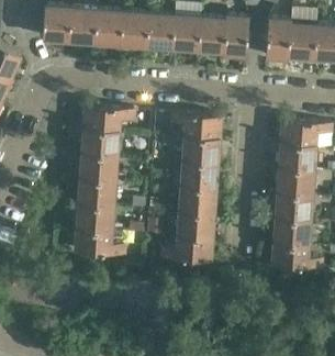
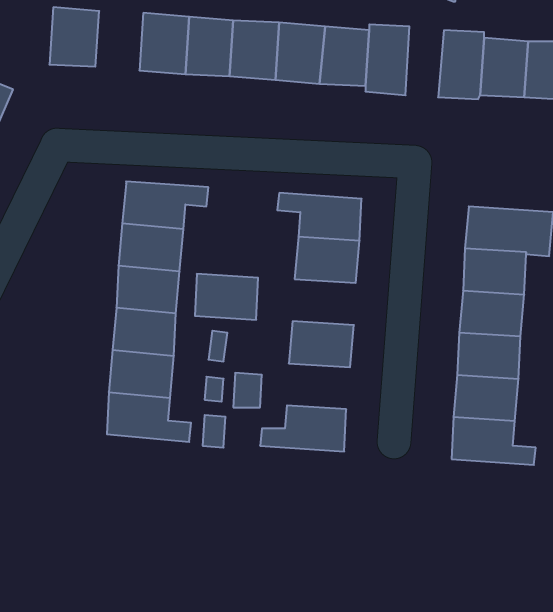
building: [68,9,96,43] -> none
building: [181,163,217,189] -> [195,274,258,320]
building: [178,211,214,237] -> none

